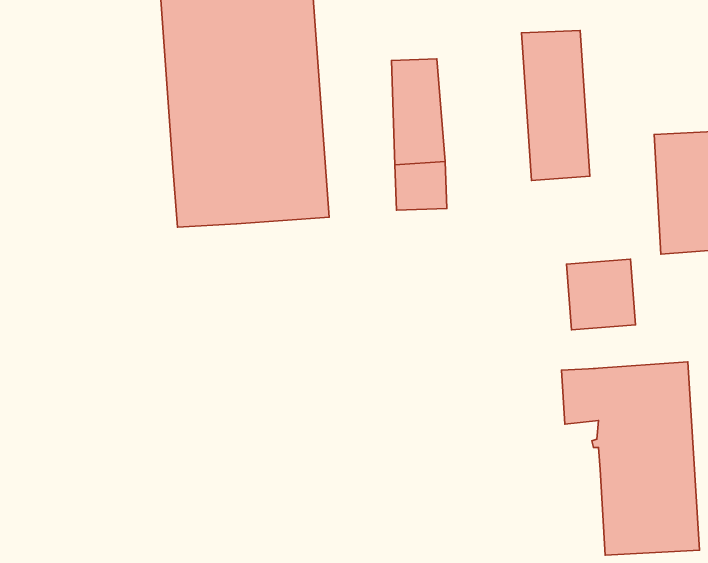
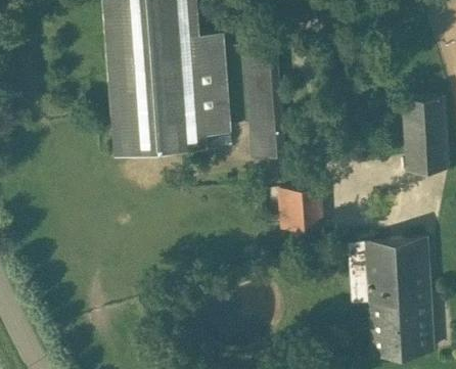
building: none -> [198,36,229,137]
building: [522,30,590,180] -> none
building: [566,259,635,330] -> [279,190,321,233]

